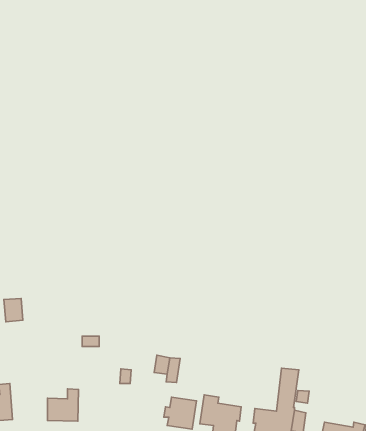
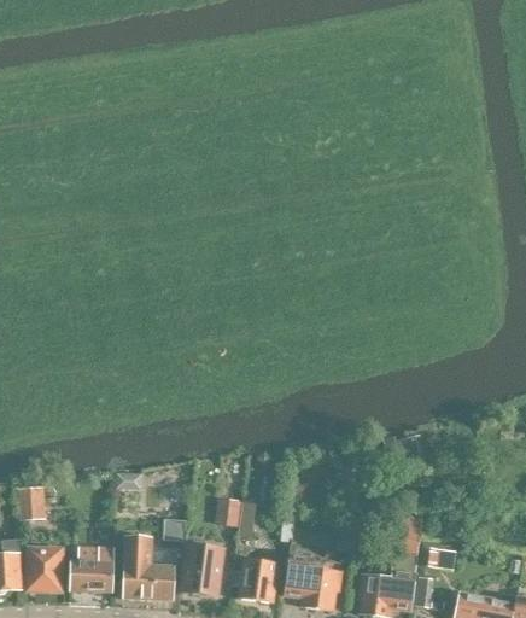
building: [4,299,23,322] -> [18,488,45,520]
building: none -> [123,537,174,601]
building: none -> [181,543,224,596]
building: none -> [28,549,62,591]

